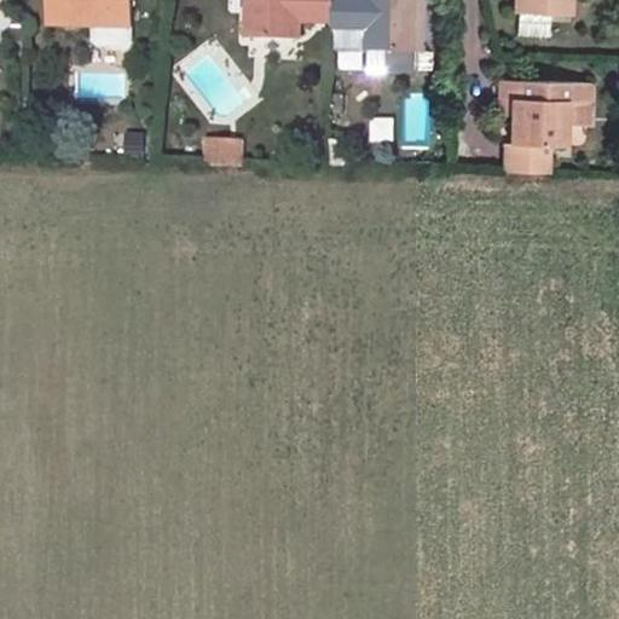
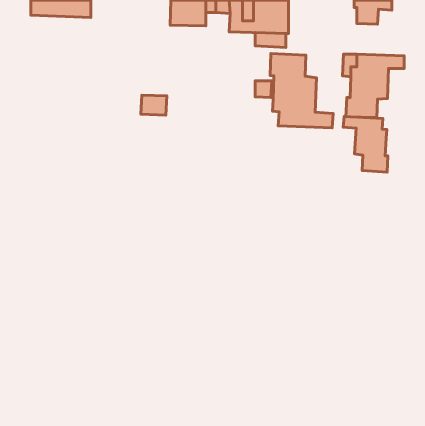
building: none -> [270,54,333,128]
building: none -> [343,117,388,172]

